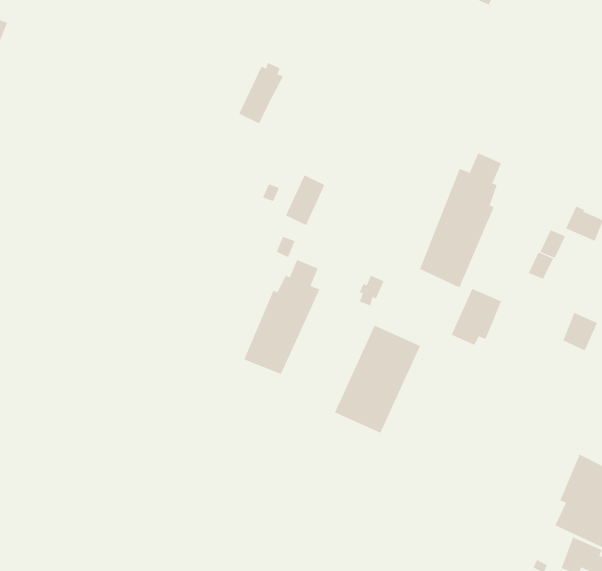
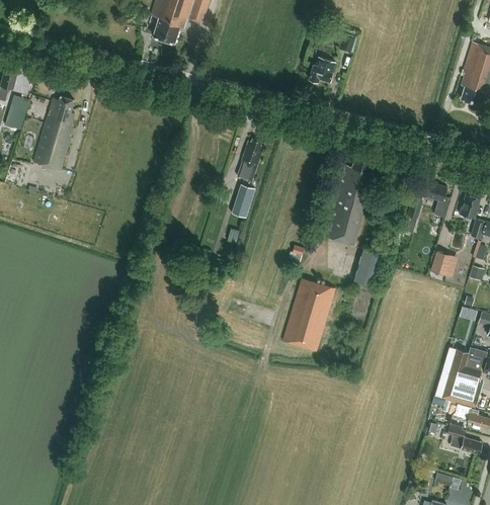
building: none -> [308,58,334,82]
building: none -> [32,96,73,170]
building: [238,62,284,124] -> [236,139,263,181]
building: [244,259,320,375] -> none

